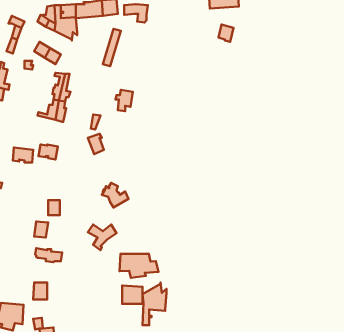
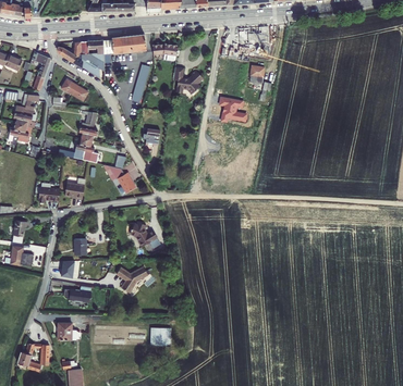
building: none -> [174,63,204,90]
building: none -> [219,97,247,123]
building: [120,254,158,278] -> none
building: [142,282,166,325] -> none

